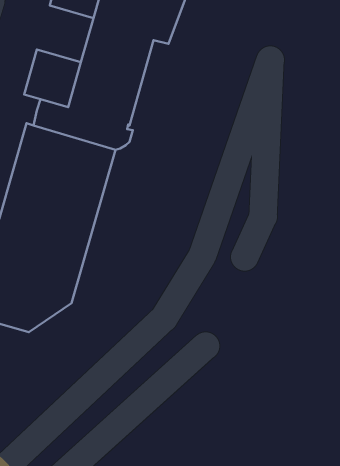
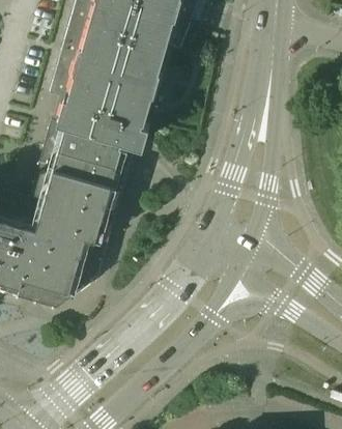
building: none -> [62,13,113,64]

